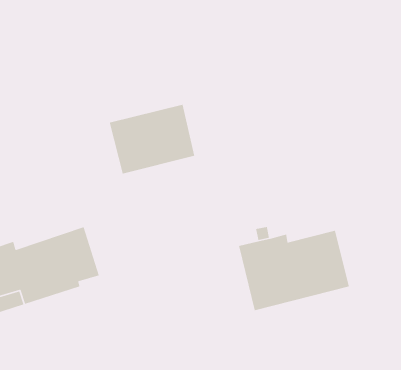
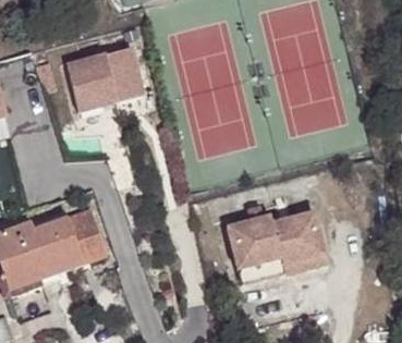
building: [109,104,195,174] -> [63,50,141,113]

